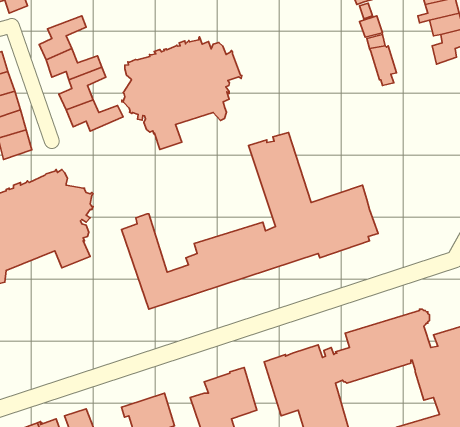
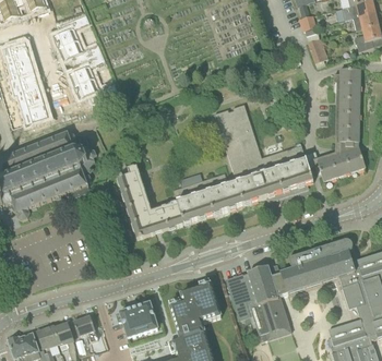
building: [122,37,242,149] -> none
building: none -> [305,69,366,181]

